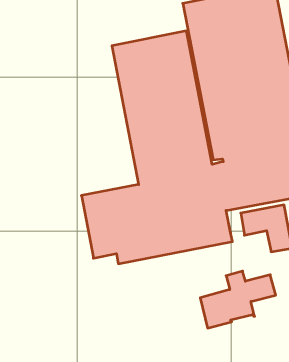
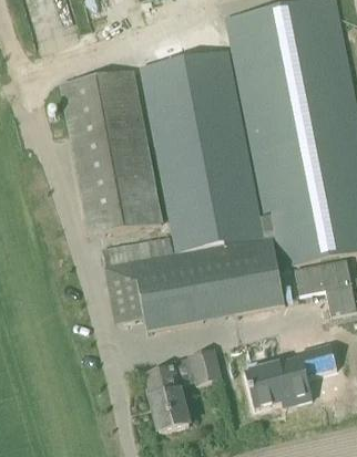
building: none -> [61,66,163,232]
building: none -> [145,349,221,430]

